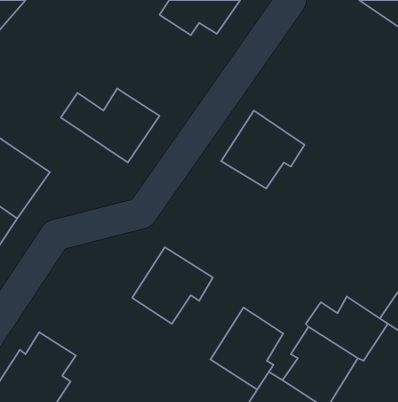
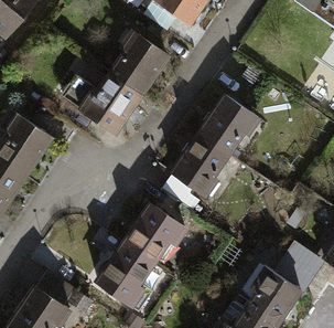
building: none -> [107,33,169,96]
building: none -> [164,133,227,200]
building: [211,307,283,389] -> [93,243,151,309]

